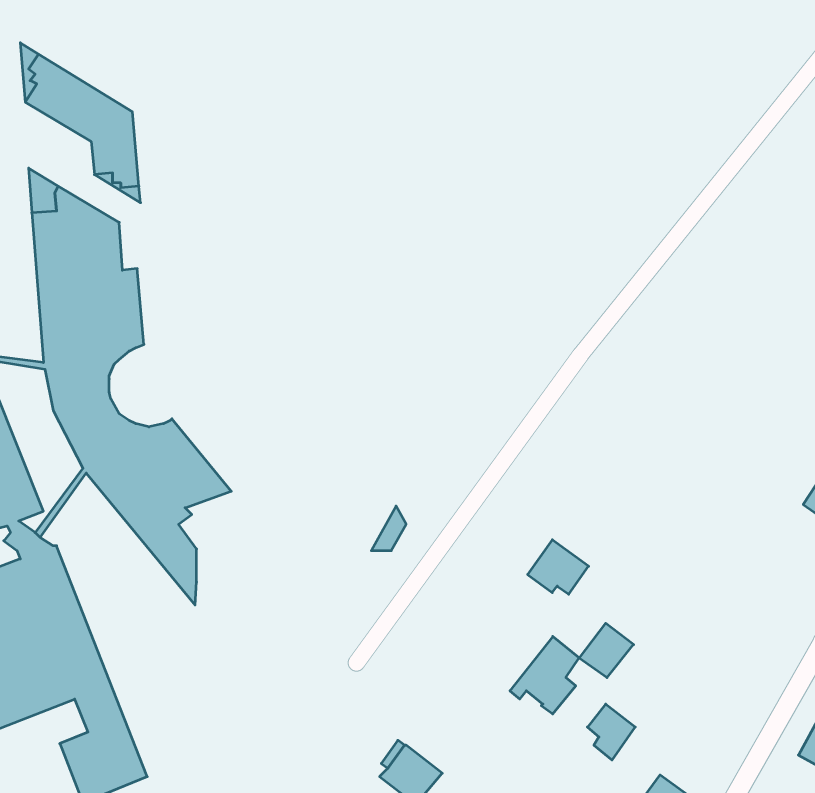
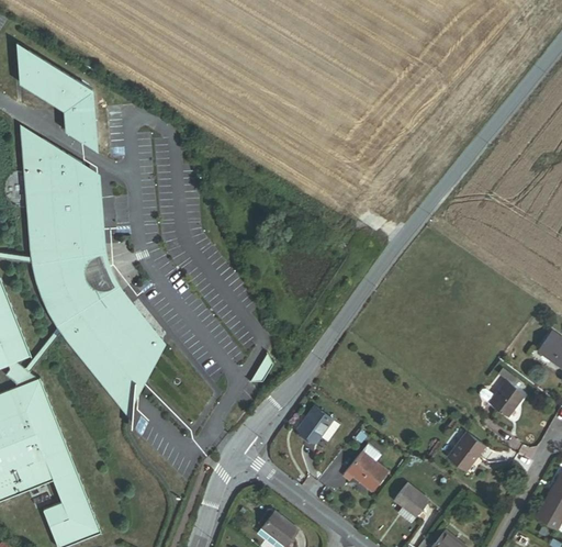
building: none -> [76,164,166,403]
building: none -> [479,368,524,417]
building: [528,540,589,594] -> [297,408,338,444]
building: [579,623,634,678] -> [447,434,483,470]

